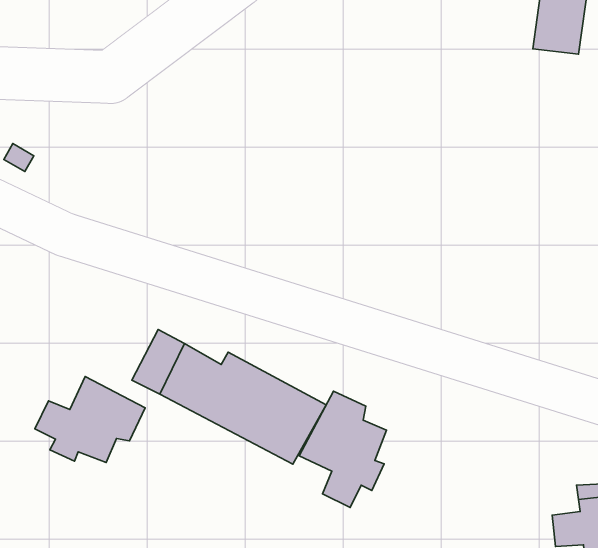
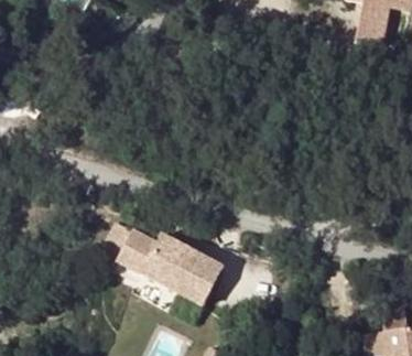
building: [35,376,145,462] -> none
building: [299,391,387,507] -> none

